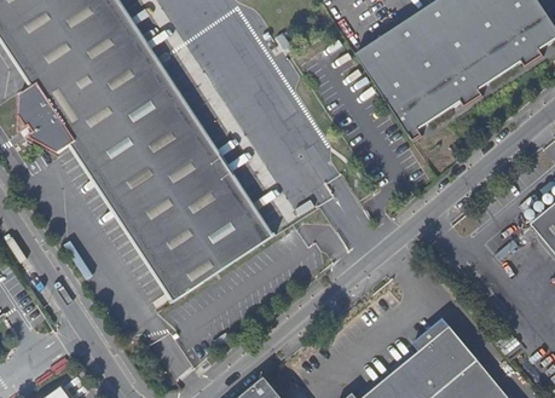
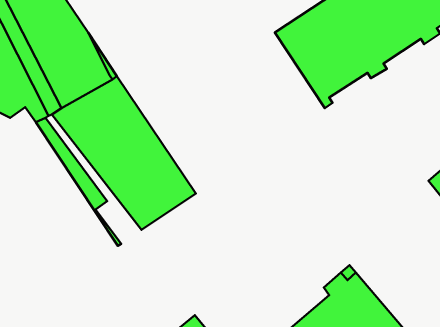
building: [94,148,203,294] -> none

